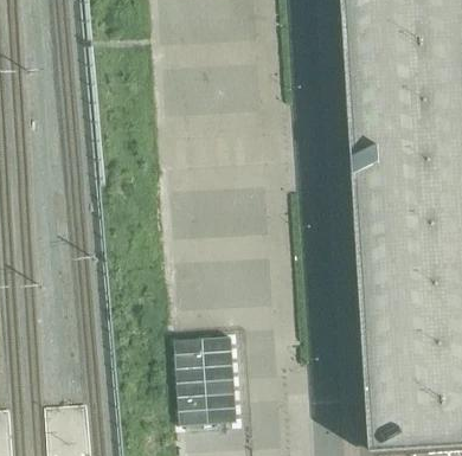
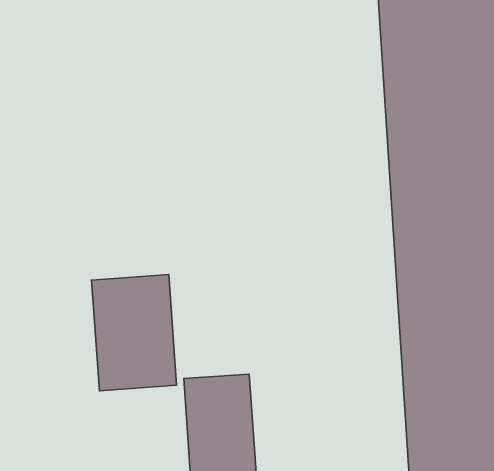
building: none -> [92,274,176,391]

